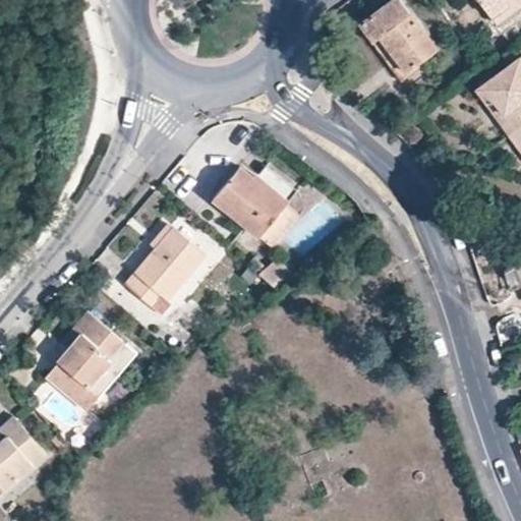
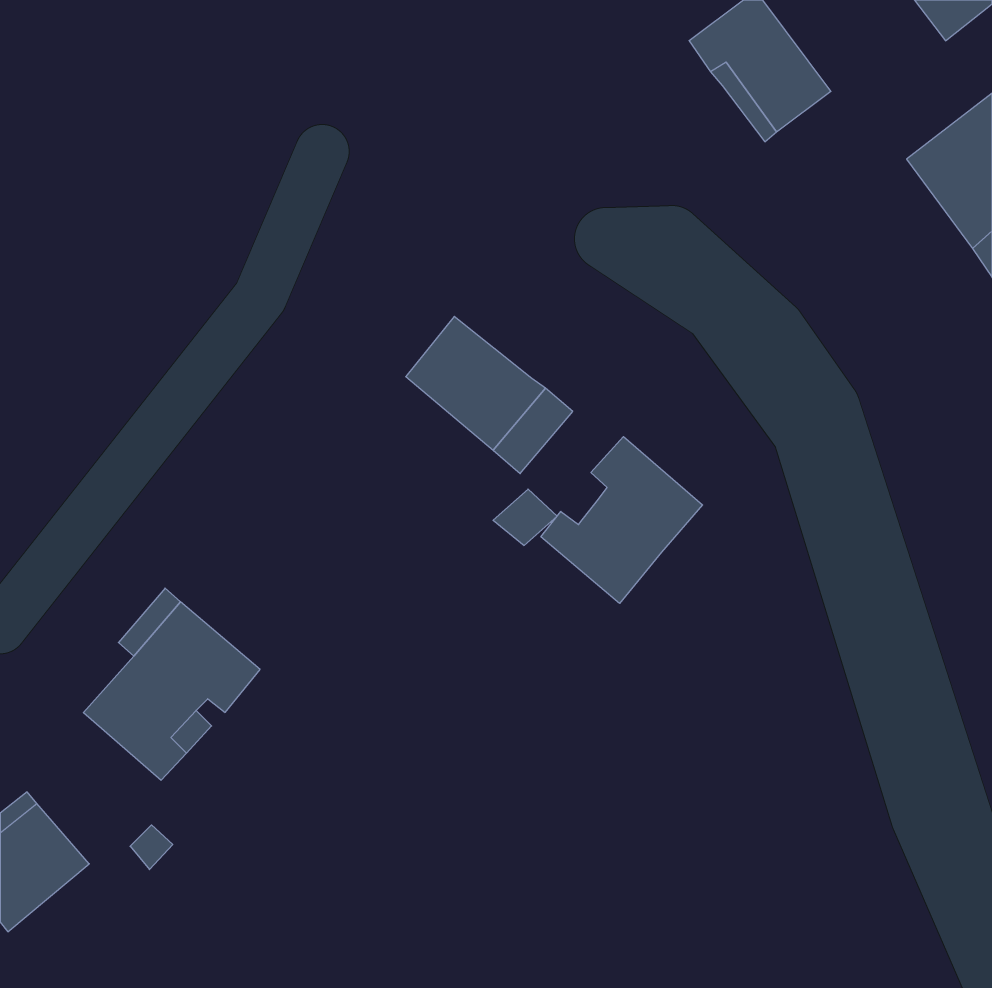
building: [127,229,204,310] -> none
building: none -> [541,437,703,603]

